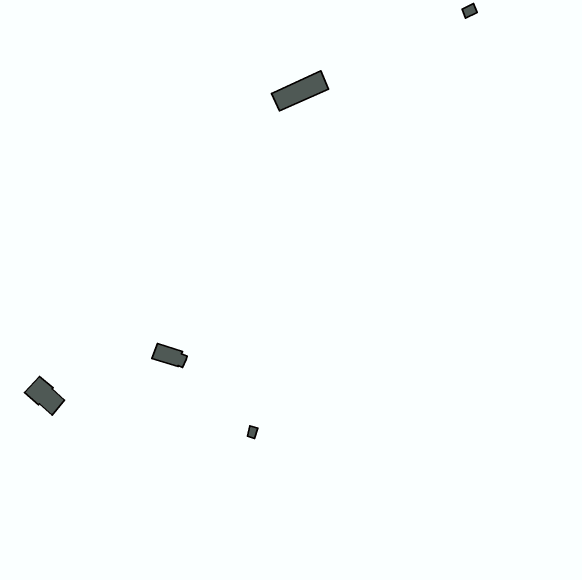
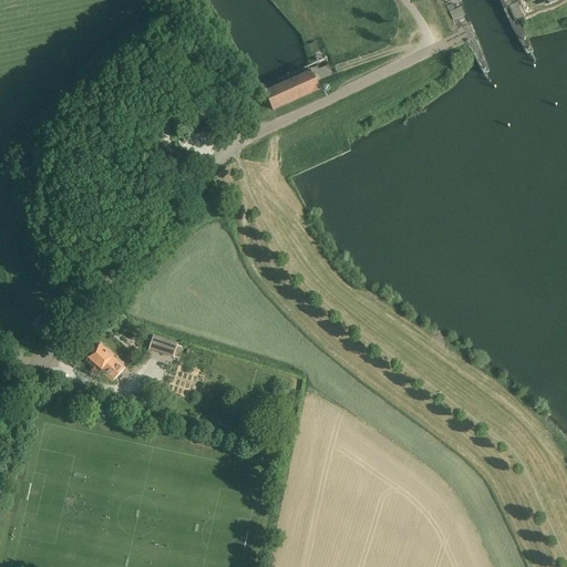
building: [25,376,65,415] -> [85,342,124,380]

